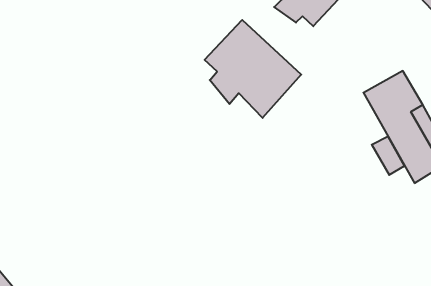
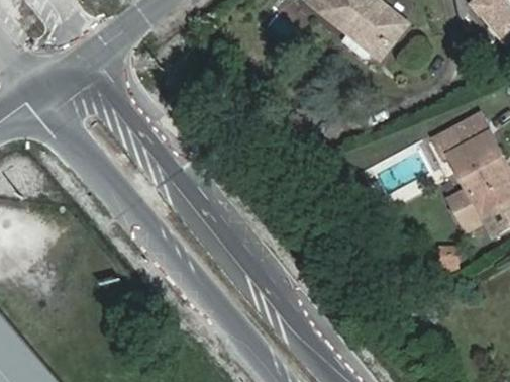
building: [205,20,301,118] -> none

